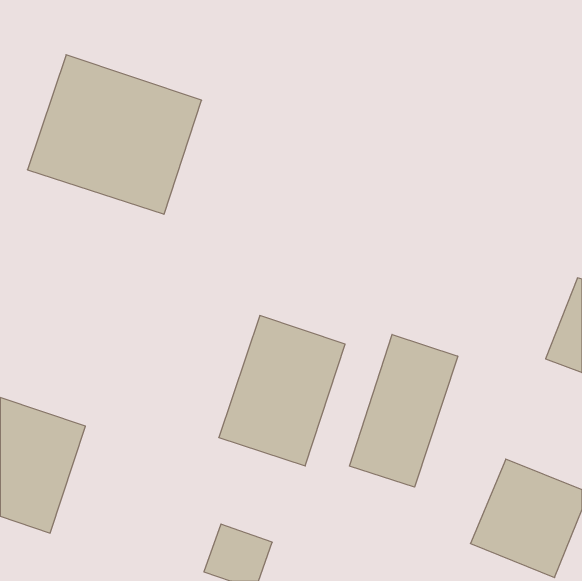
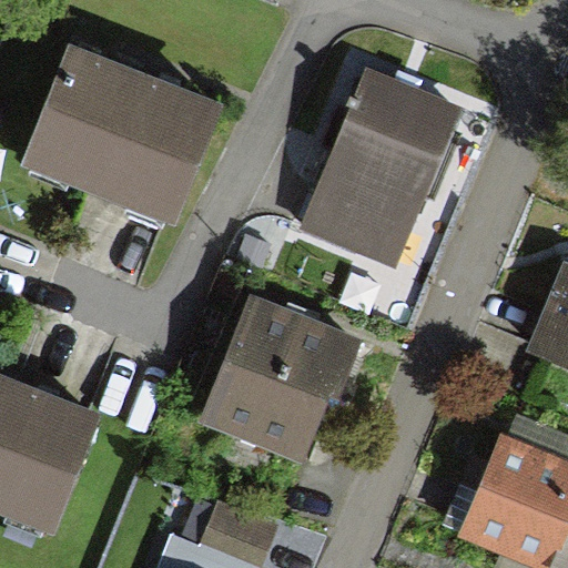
building: none -> [316,82,453,262]
building: [350,334,458,487] -> none

